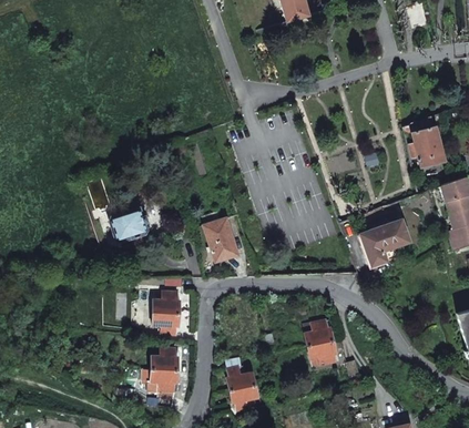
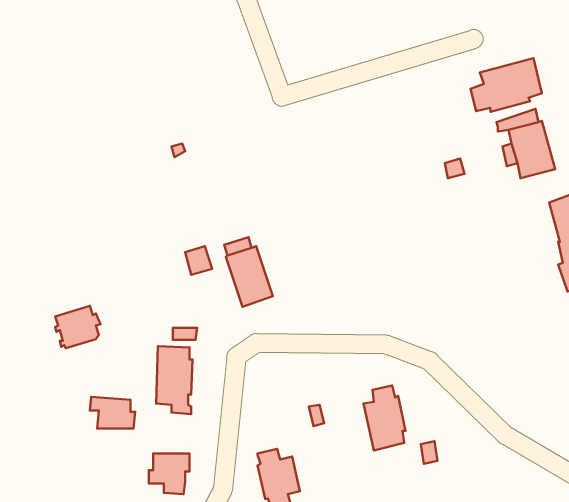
building: none -> [471,58,542,112]
building: [114,208,147,240] -> [55,306,100,348]
building: [357,218,412,271] -> none
building: [145,346,179,369] -> [90,397,135,429]

